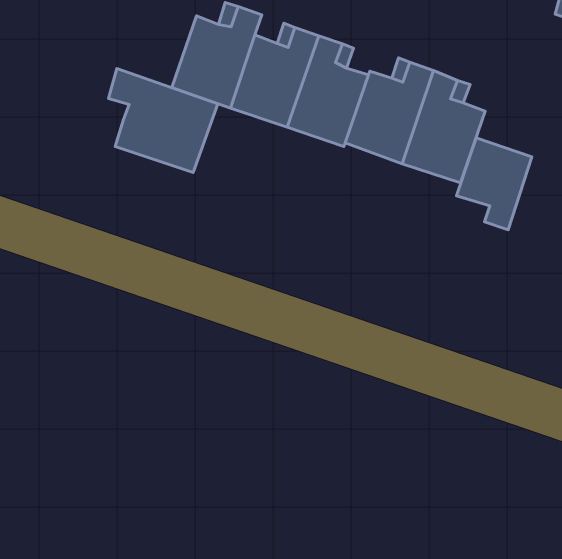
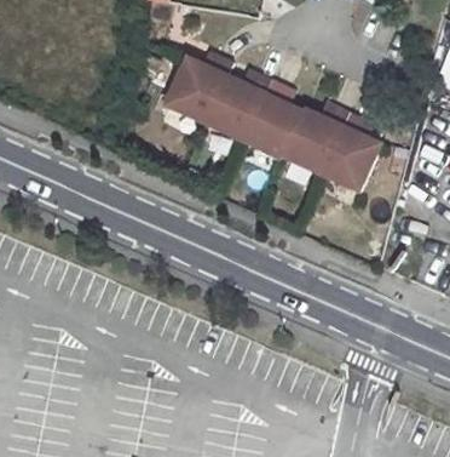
building: [108,69,218,173] -> none
building: [456,138,532,230] -> none

